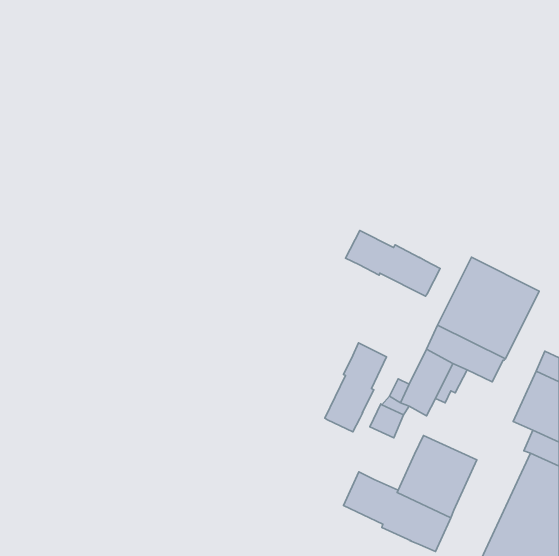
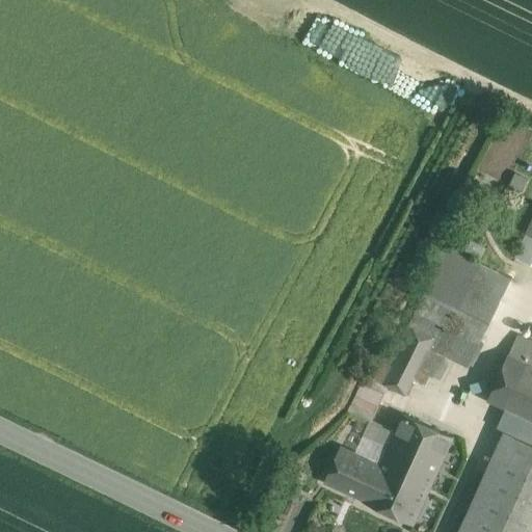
building: [345,231,440,296] -> none
building: [325,343,386,432] -> none
building: none -> [355,424,394,469]

